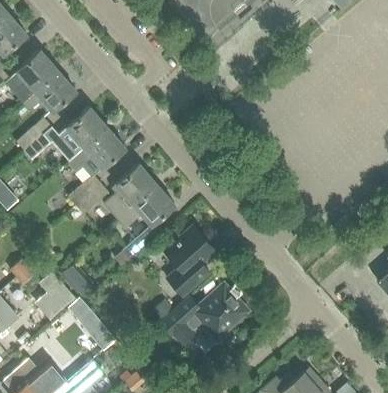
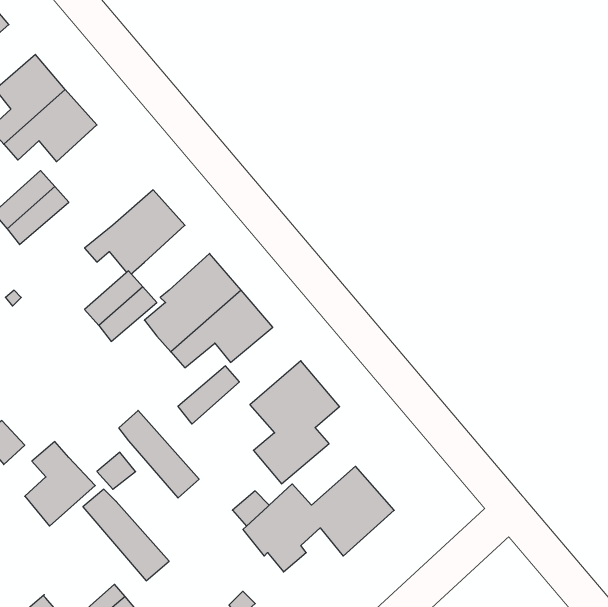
building: [61,107,108,161] -> none
building: none -> [119,410,199,498]

